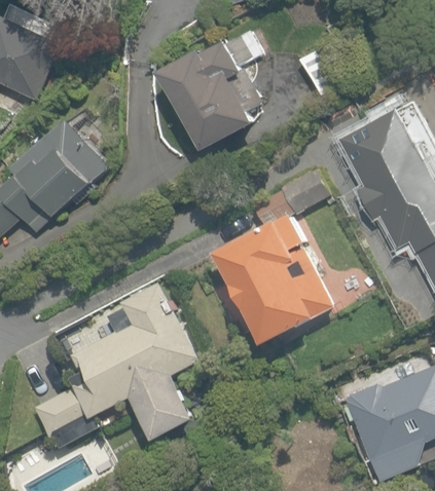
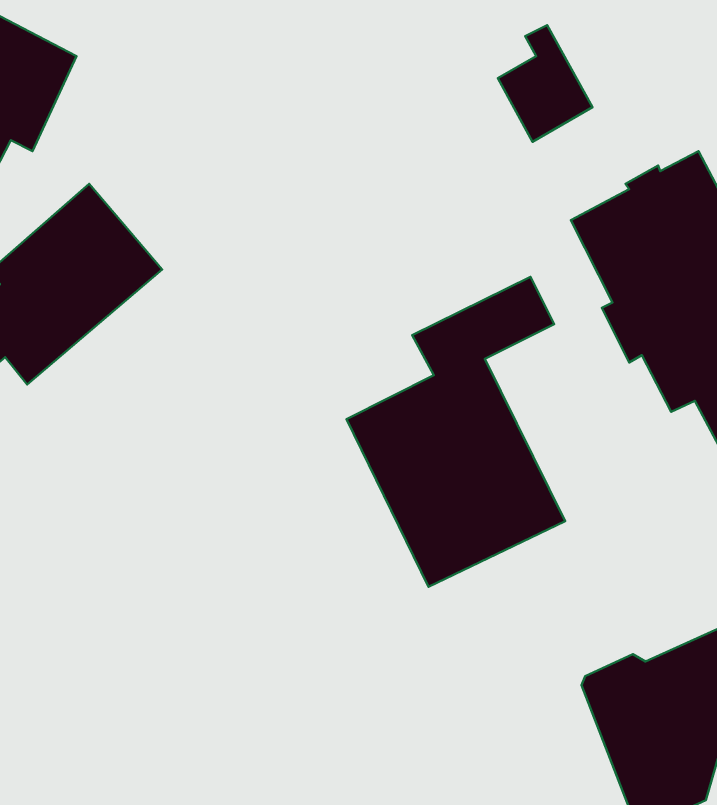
building: [160,33,259,150] -> none
building: [33,284,194,448] -> none

